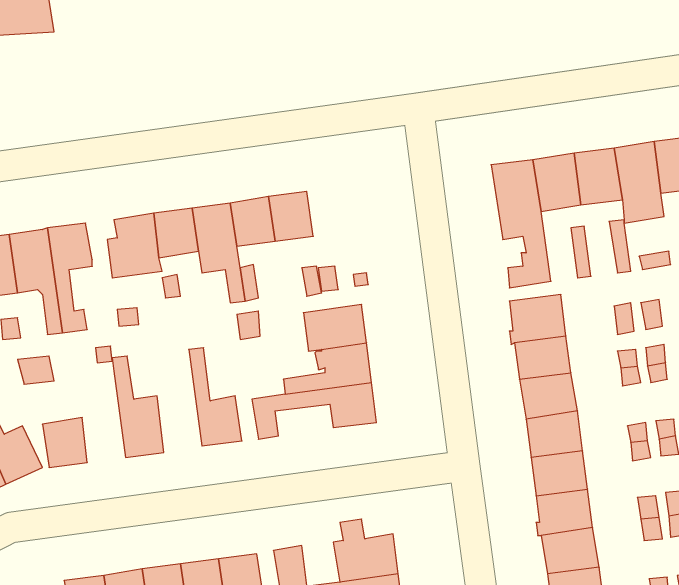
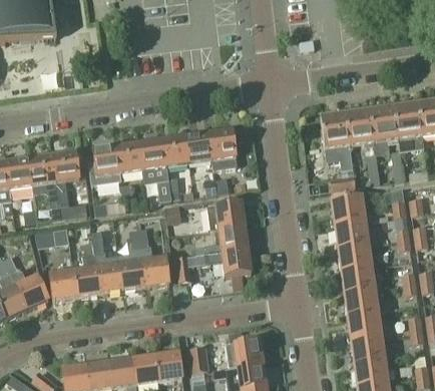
building: none -> [208,129,238,169]
building: none -> [118,228,145,290]
building: none -> [73,241,99,296]

